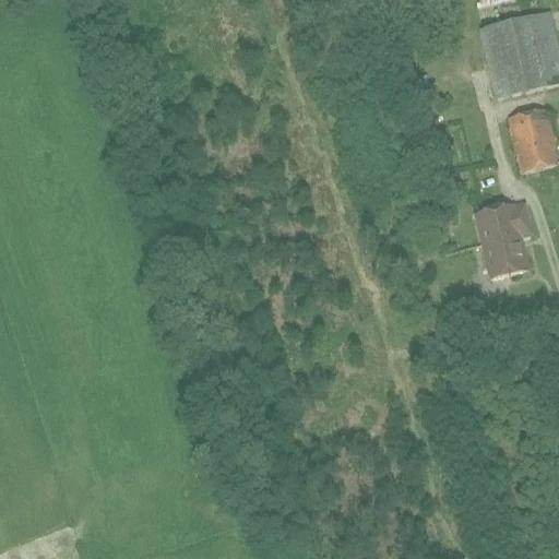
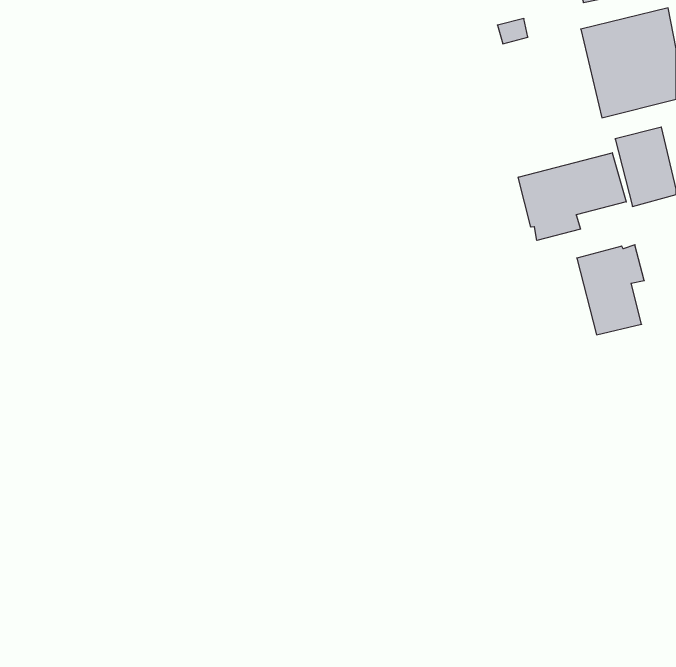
building: none -> [518,153,626,240]

